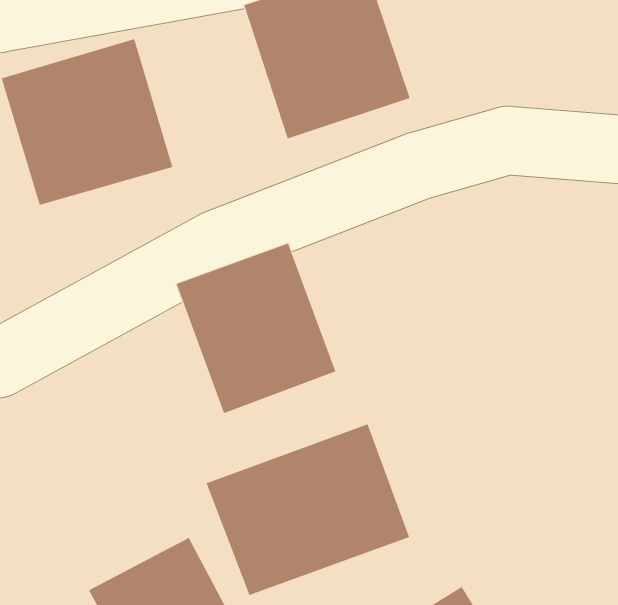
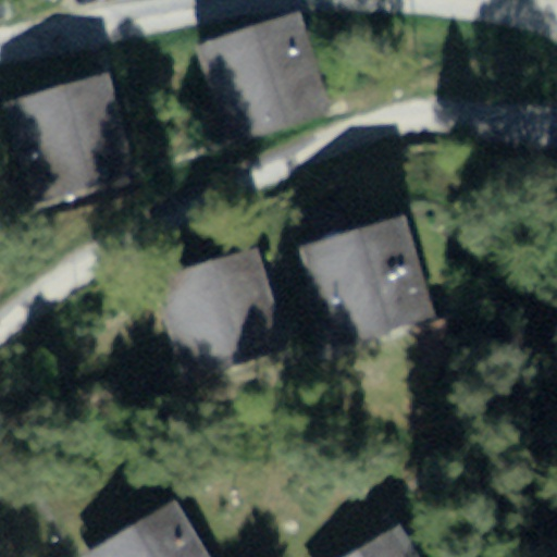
building: none -> [306,214,441,360]
building: [206,423,410,596] -> none

